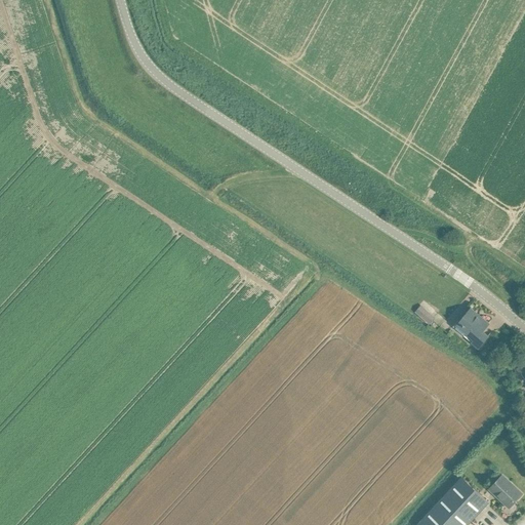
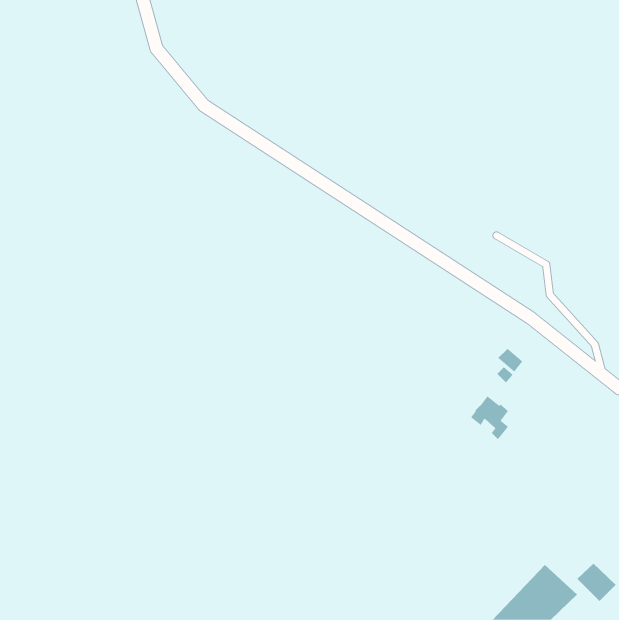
building: [454,310,487,348] -> [470,395,509,440]

